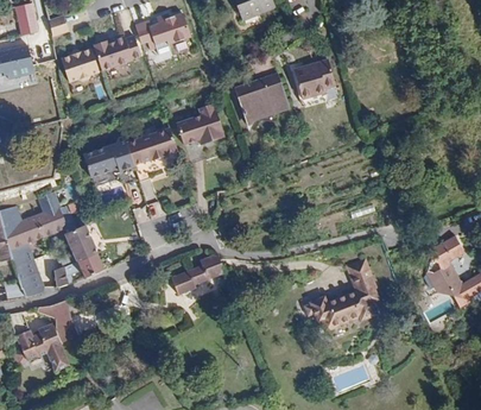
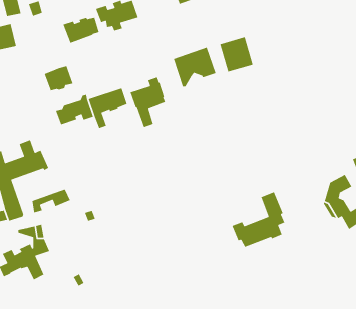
building: [61,48,99,81] -> [44,65,73,91]
building: [64,225,96,261] -> none
building: [170,254,224,295] -> none

